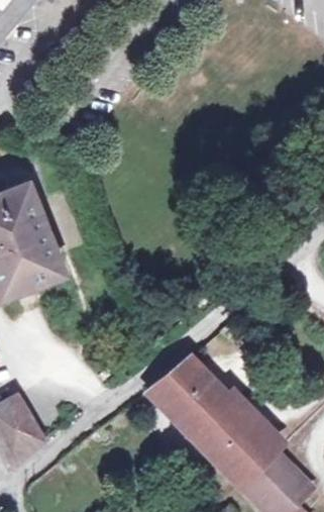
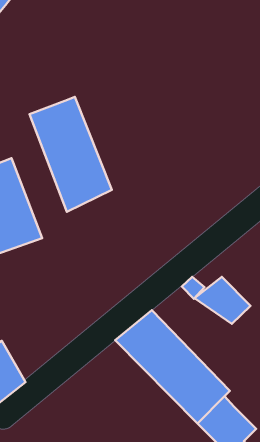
building: none -> [29,97,112,212]
building: none -> [194,277,250,324]

